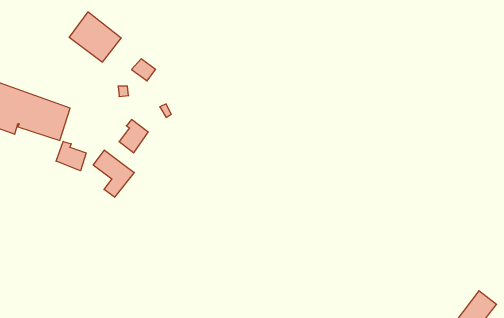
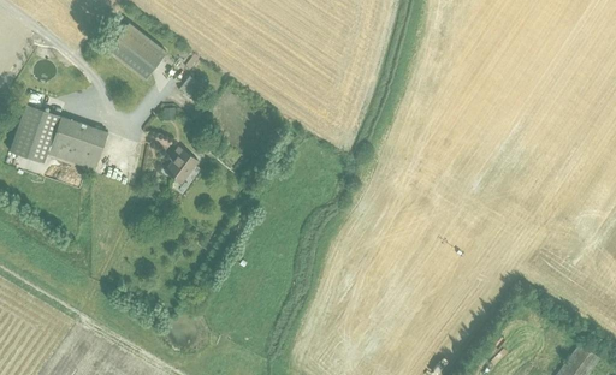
building: [56,141,86,171] -> none
building: [93,150,134,197] -> none

